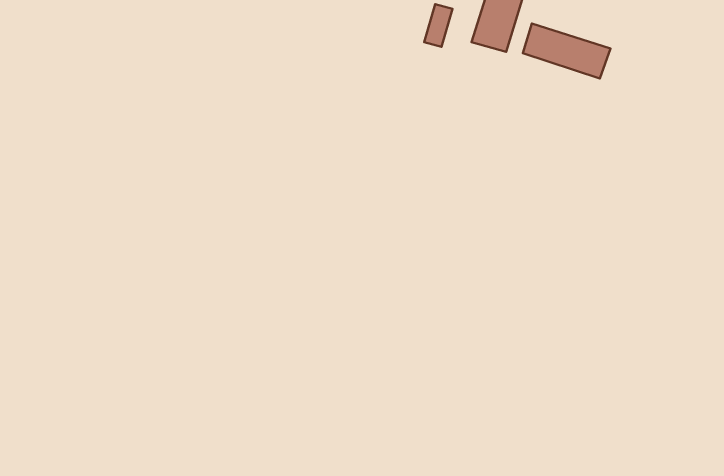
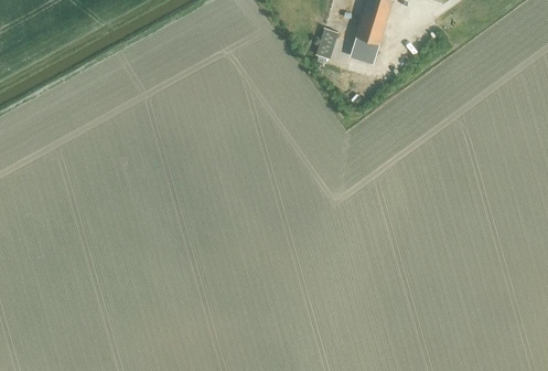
building: [523,24,611,78] -> none

